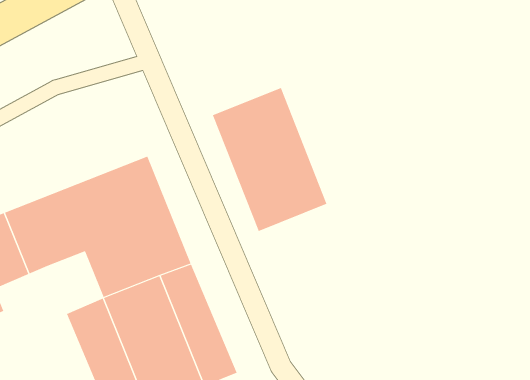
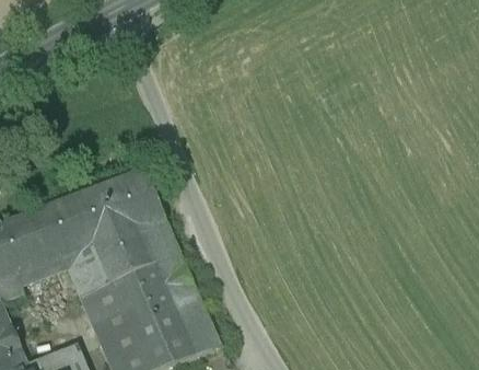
building: [212,87,327,232] -> none
building: none -> [61,243,107,294]

